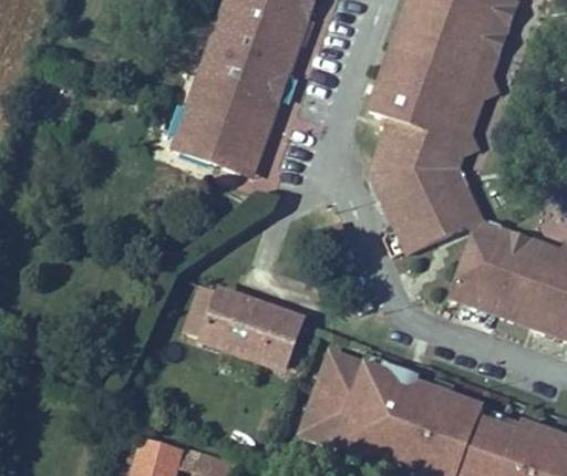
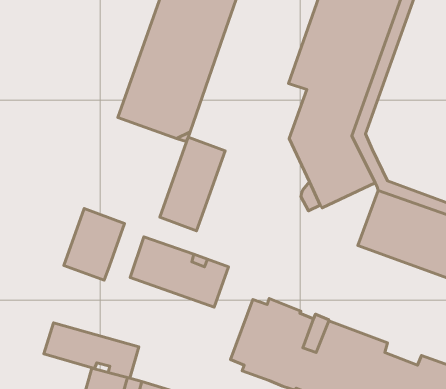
building: none -> [160,137,225,231]
building: none -> [64,209,124,280]
building: none -> [44,323,139,378]

